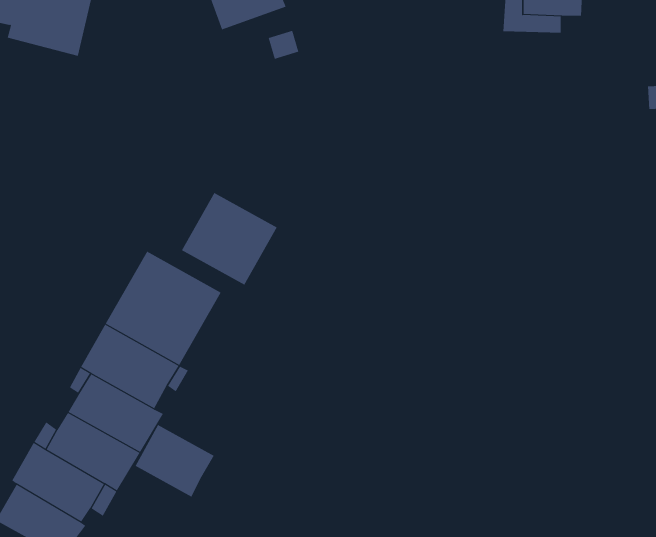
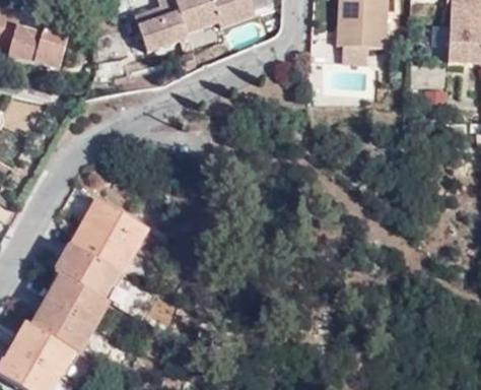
building: [181,192,277,285] -> none
building: [135,424,214,497] -> none

